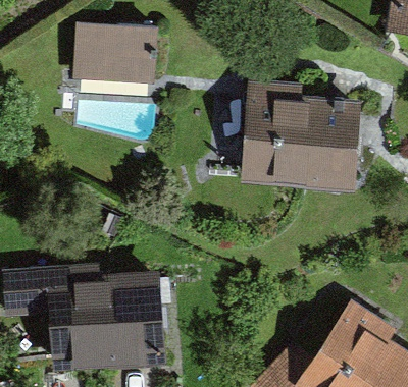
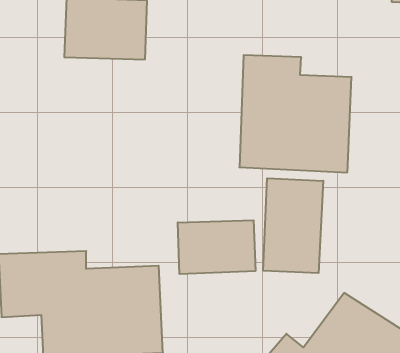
building: none -> [263,178,323,273]
building: none -> [178,220,255,274]

